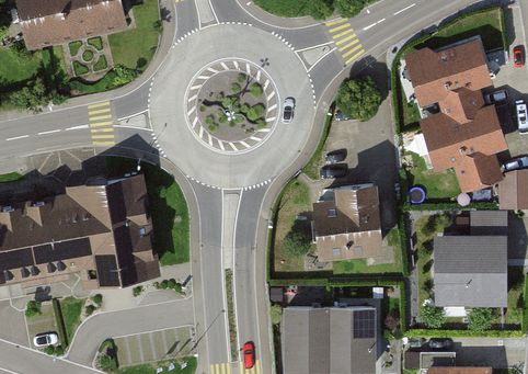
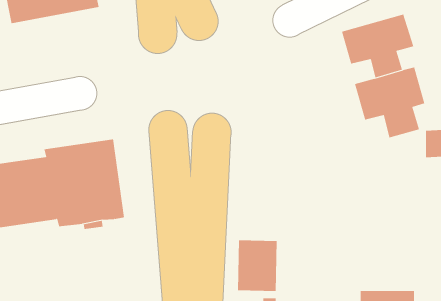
building: [313,173,387,240] -> none
building: [437,226,508,292] -> none
building: [329,302,377,362] -> none

